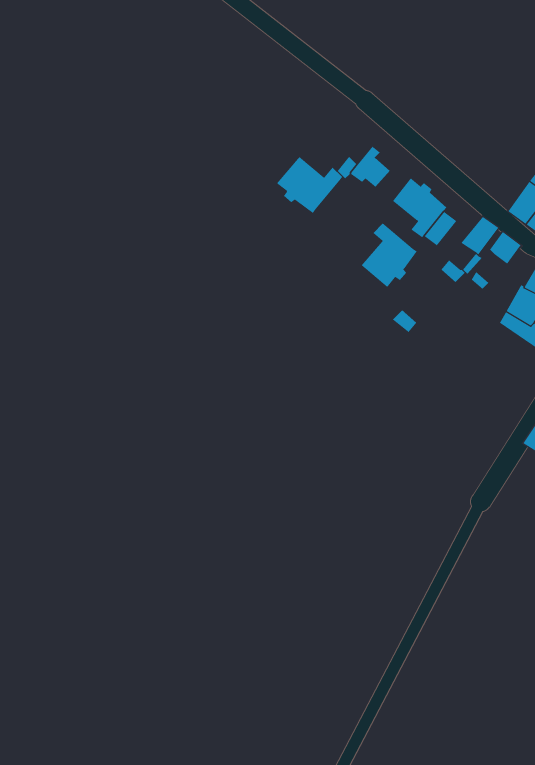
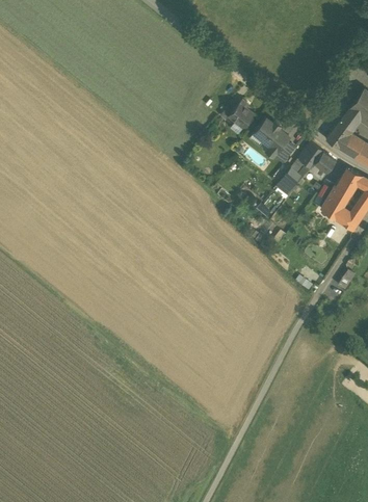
building: [276,156,343,214] -> none
building: [361,223,418,288] -> none

